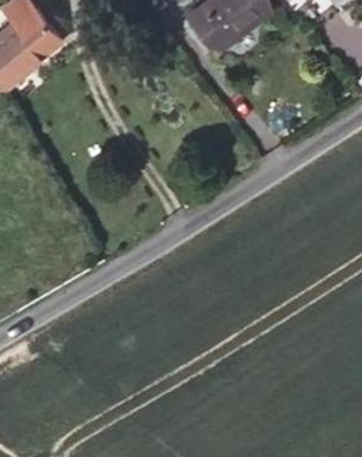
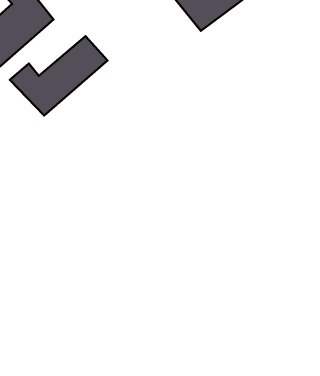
building: none -> [10,36,107,116]

